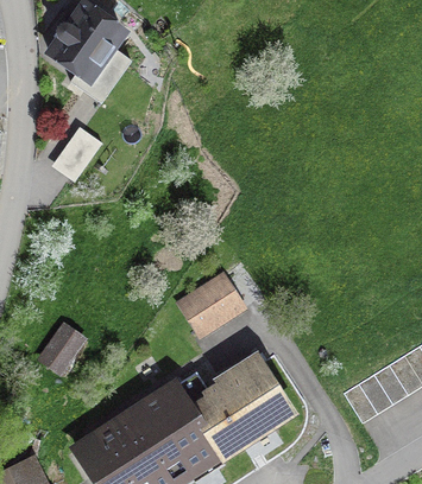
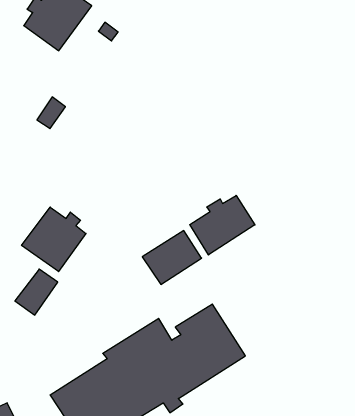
building: none -> [190,195,255,255]
building: none -> [22,207,86,272]

